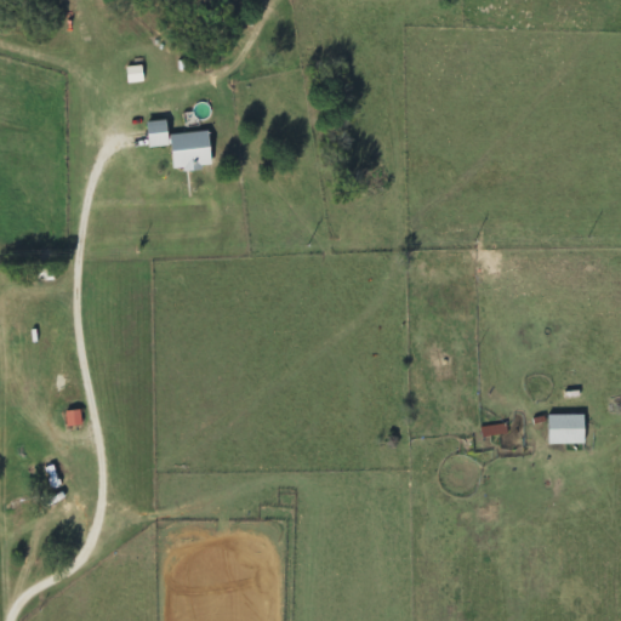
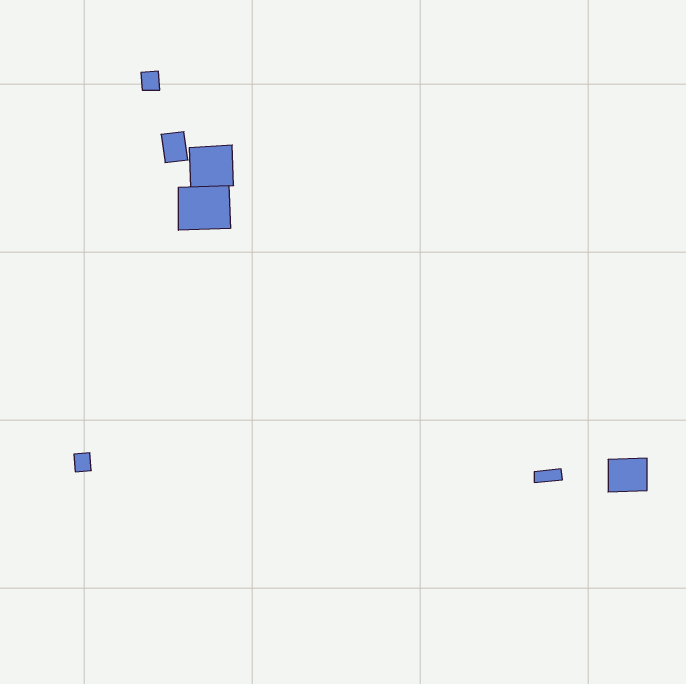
building: none -> [178,186,230,230]

